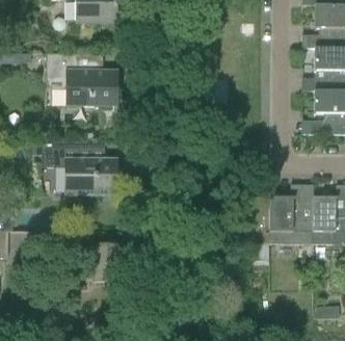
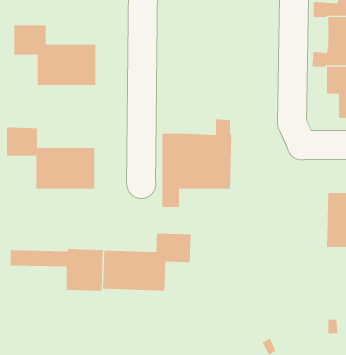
building: [255,183,315,259] -> [162,119,232,208]
building: none -> [102,233,191,291]

